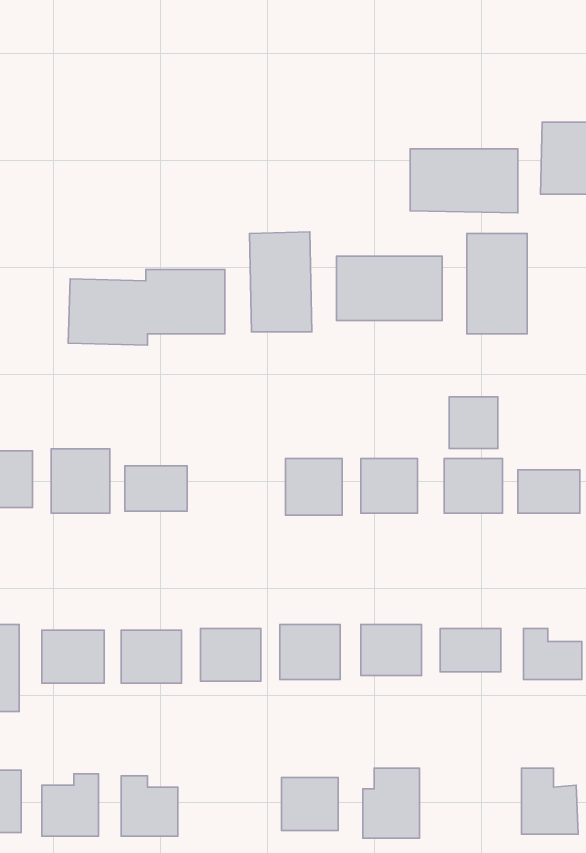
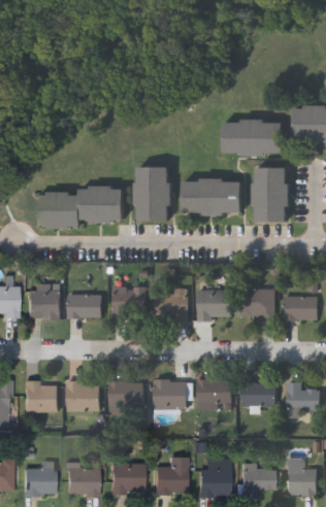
building: [449,397,498,448] -> none
building: none -> [115,288,148,318]
building: none -> [110,464,143,494]
building: none -> [241,464,275,498]

